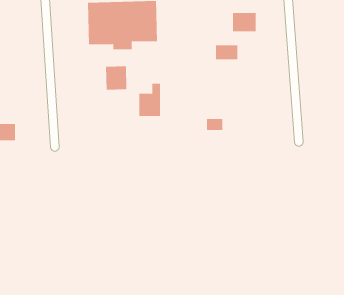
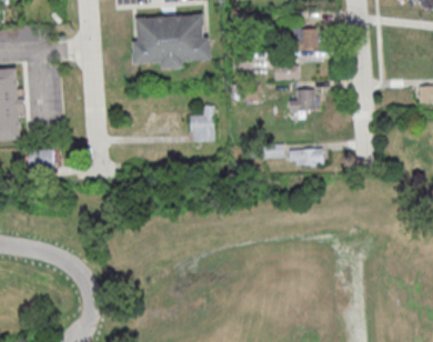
building: [105,66,127,90] -> none
building: none -> [289,88,315,110]
building: none -> [289,149,322,165]

